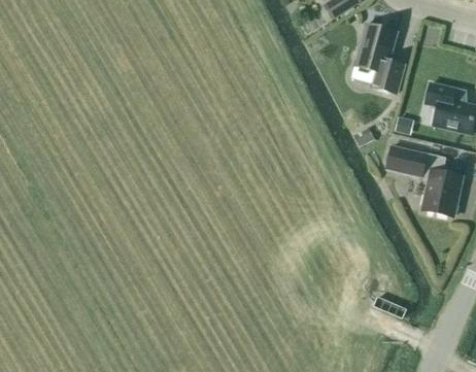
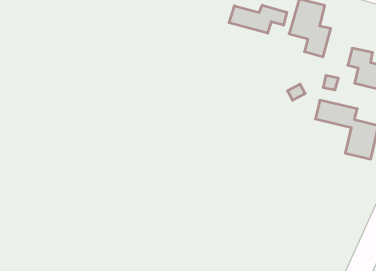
building: none -> [229,5,287,33]

